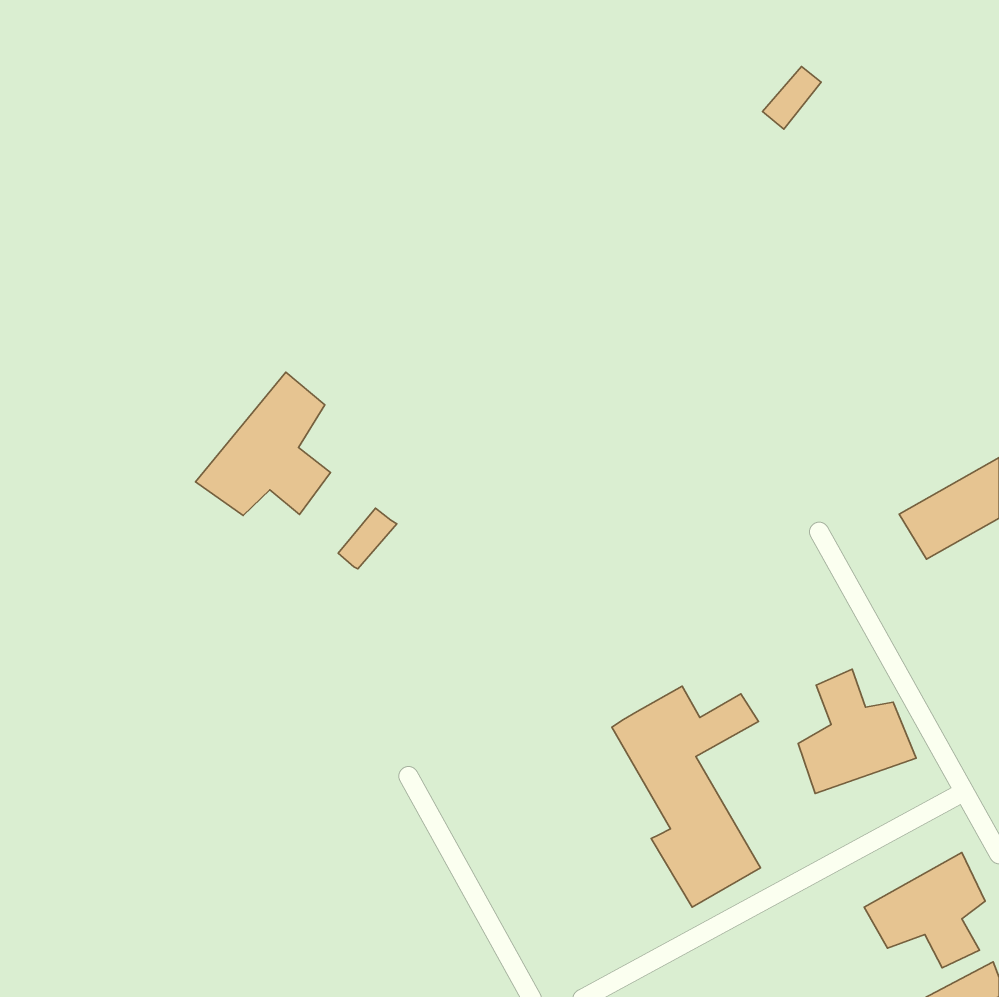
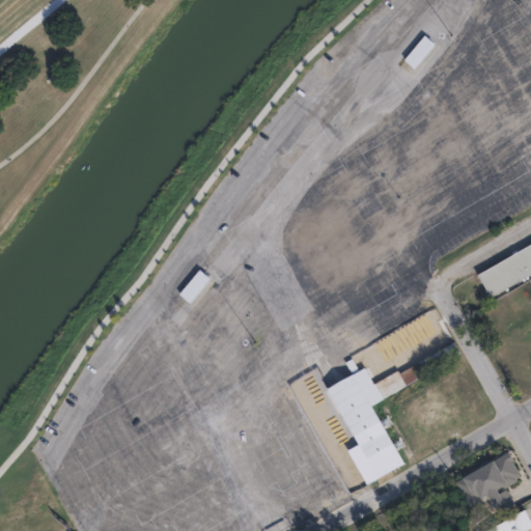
building: [195,372,330,516] -> none
building: [798,669,916,793] -> none

